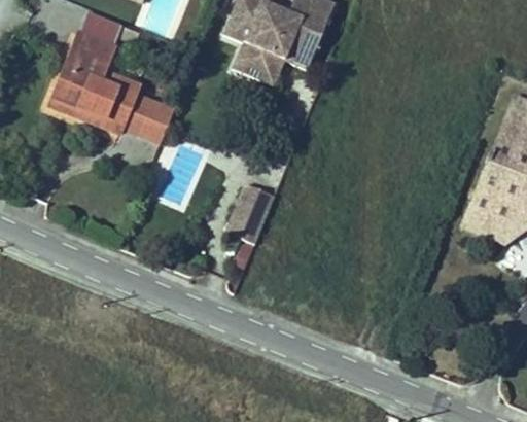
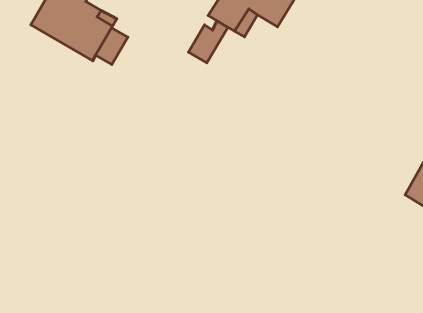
building: [140,98,177,143] -> [189,21,228,63]
building: [225,184,275,245] -> none

